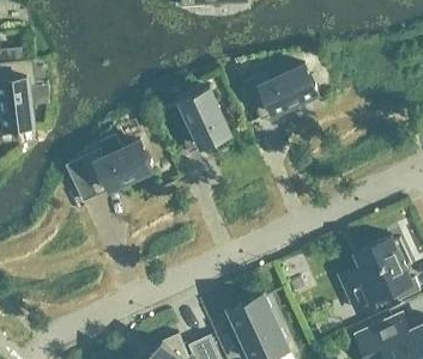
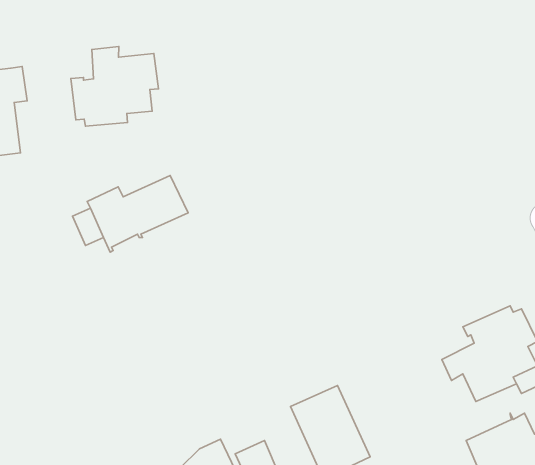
building: none -> [71,46,158,126]
building: [244,65,319,121] -> none
building: [169,90,231,154] -> none

